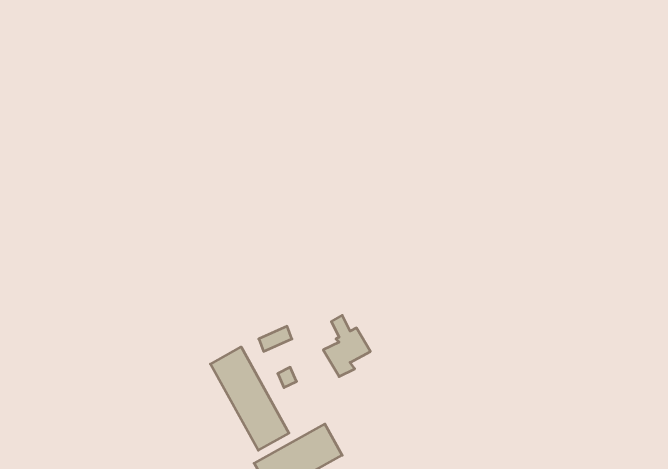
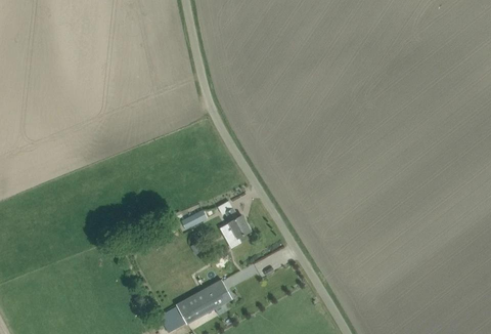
building: [210,347,289,450] -> none

